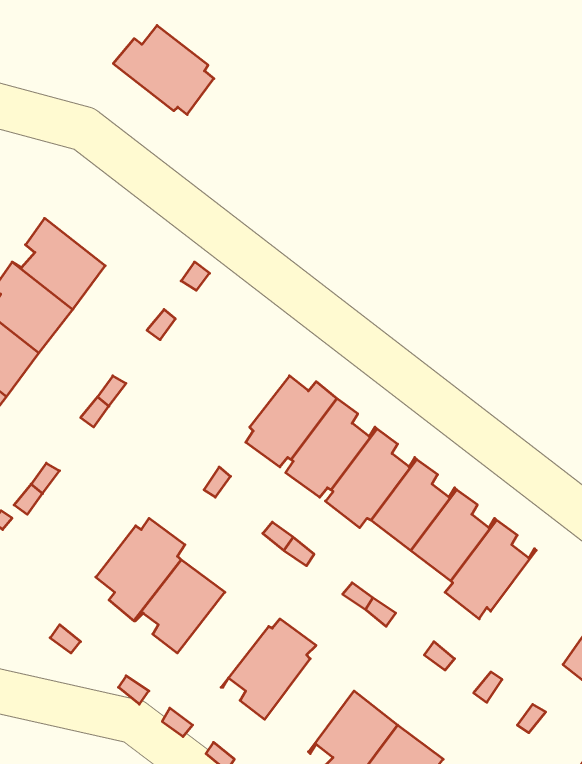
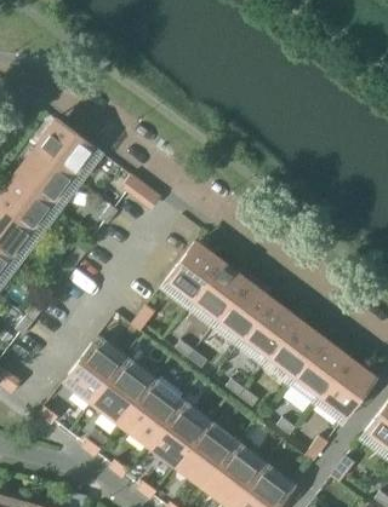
building: [113,25,214,115] -> [35,122,99,179]
building: none -> [316,358,371,421]
building: none -> [120,385,178,445]
building: none -> [176,427,233,486]

